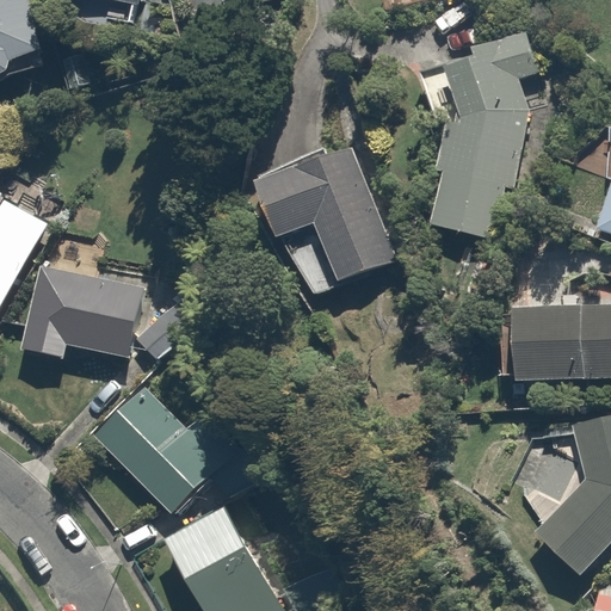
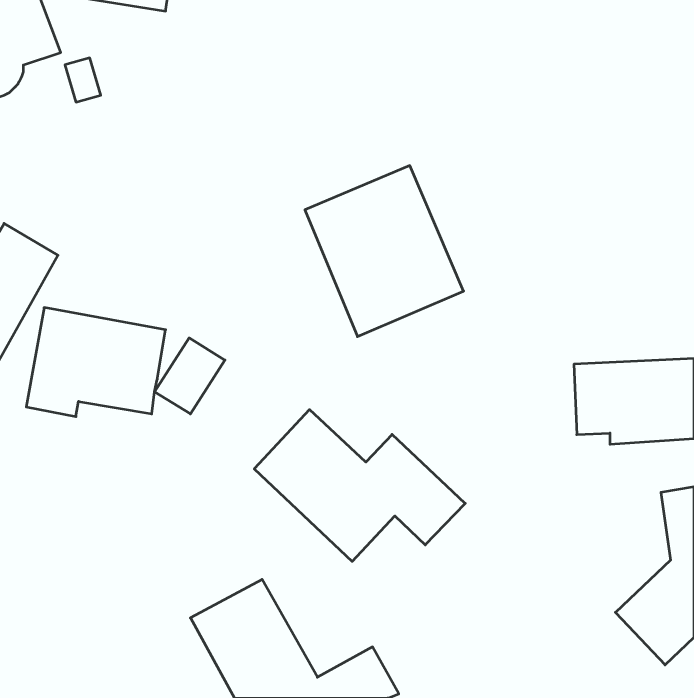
building: [425,39,538,241] -> none
building: [85,382,267,513] -> [254,410,465,561]

